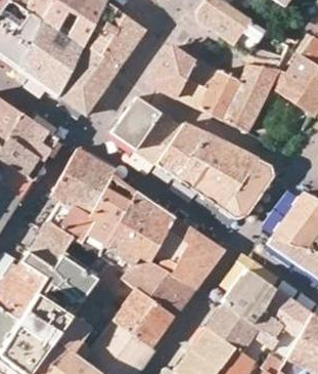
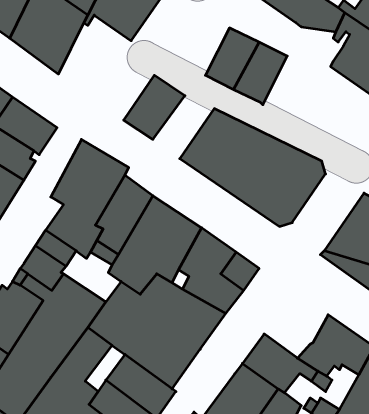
building: [145,46,195,96] -> none
building: [58,48,117,114] -> none
building: [222,54,286,131] -> none
building: [134,113,183,163] -> none
building: [223,269,274,323] -> none

